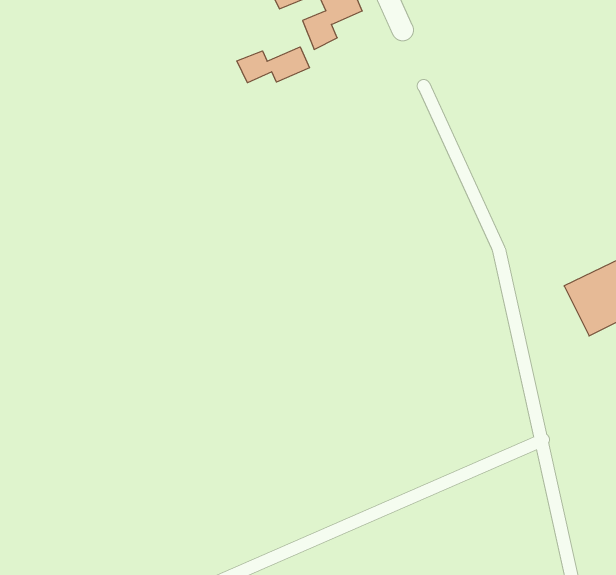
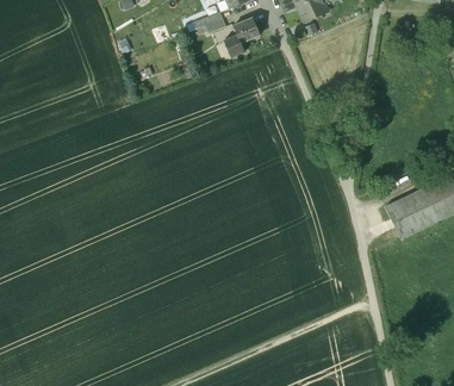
building: [237,47,309,83] -> none

